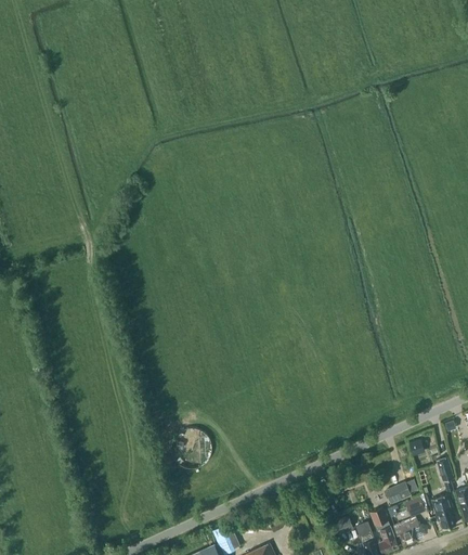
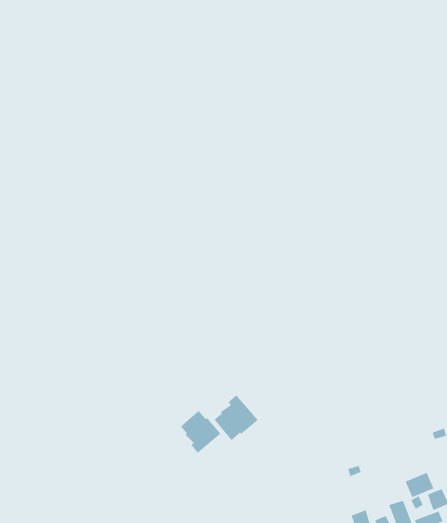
building: none -> [214,394,258,441]

